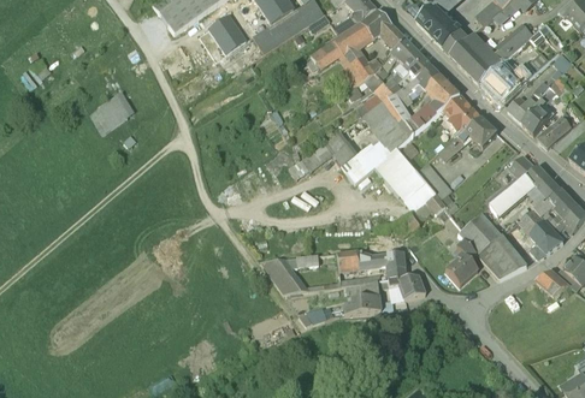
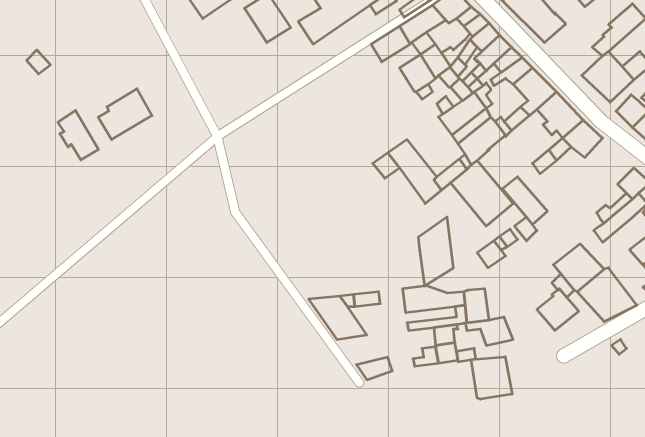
building: [450,38,497,82] -> none
building: none -> [58,110,98,160]
building: none -> [418,217,453,286]
building: none -> [471,357,512,399]

